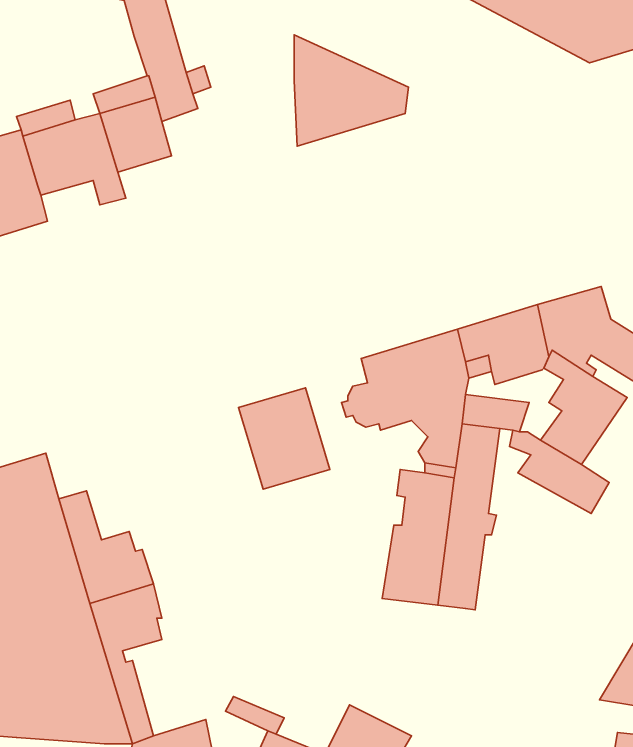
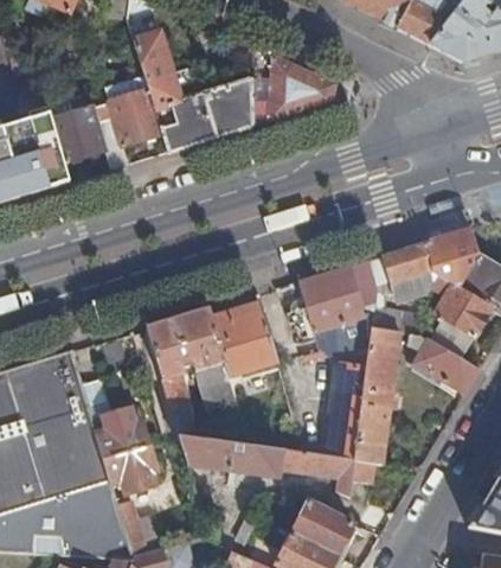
building: none -> [155,78,253,152]
building: none -> [147,307,237,409]
building: none -> [178,435,375,496]
building: none -> [291,499,353,554]

